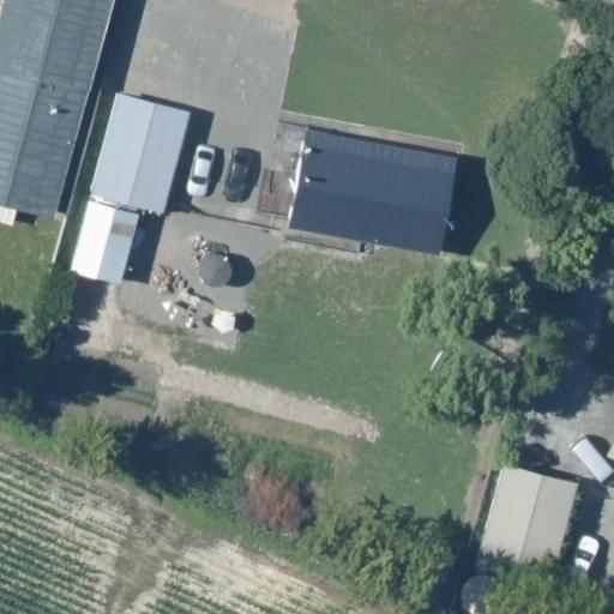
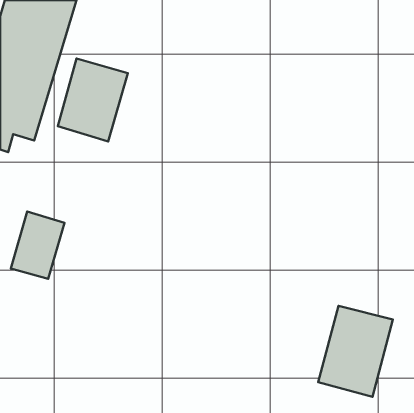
building: [289,128,458,255] -> none
building: [64,189,143,289] -> [11,211,65,279]

